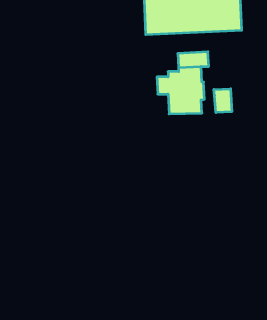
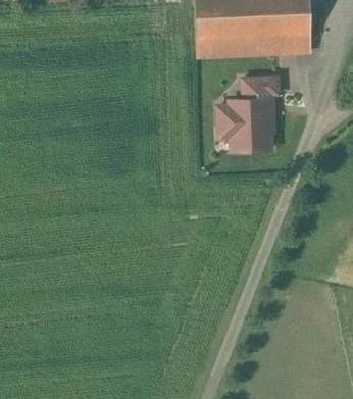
building: [214,89,232,113] -> none

